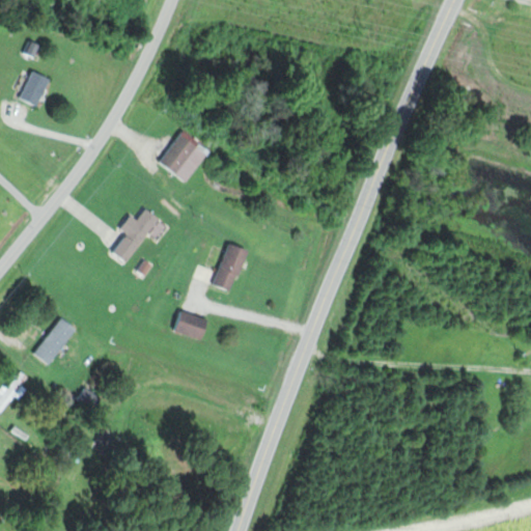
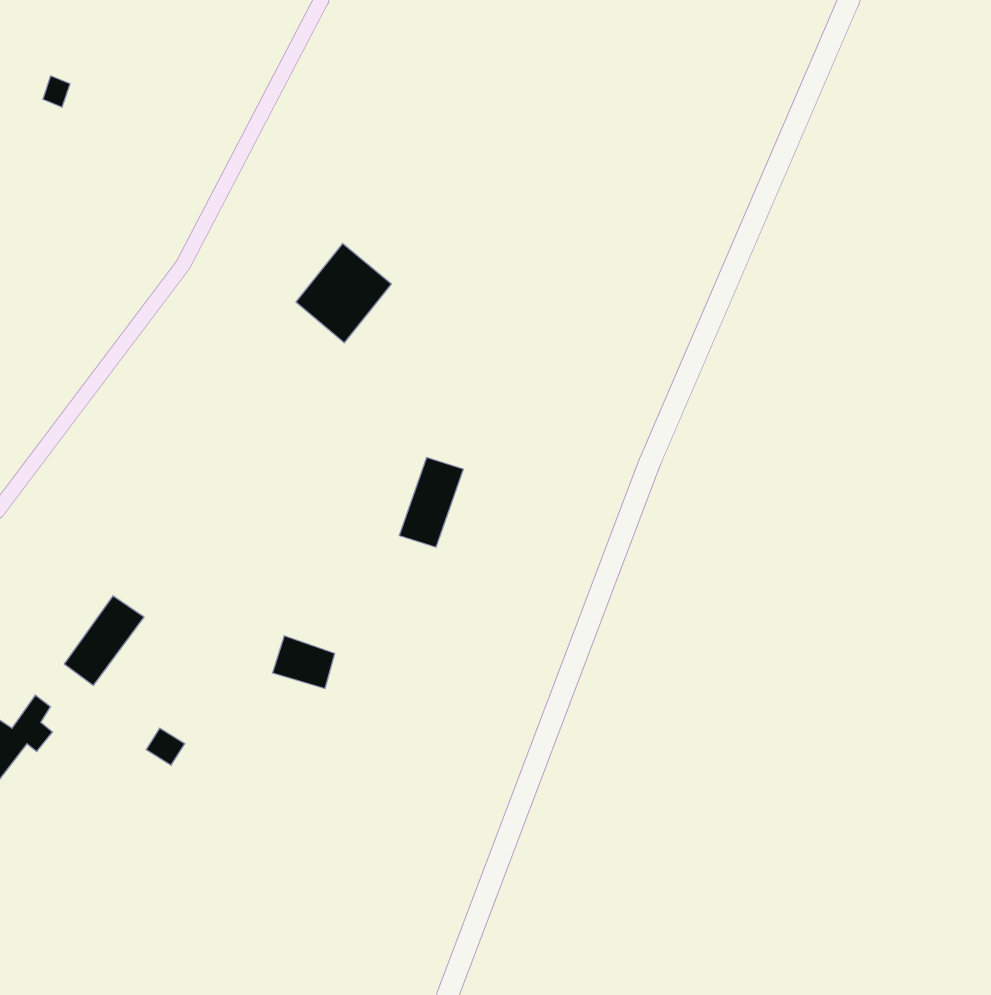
building: [18,69,50,107] -> none
building: [113,208,158,262] -> none
building: [174,311,207,339] -> [272,636,335,688]

